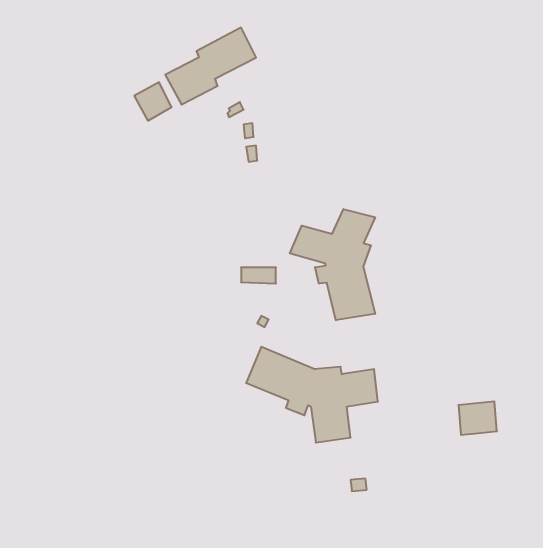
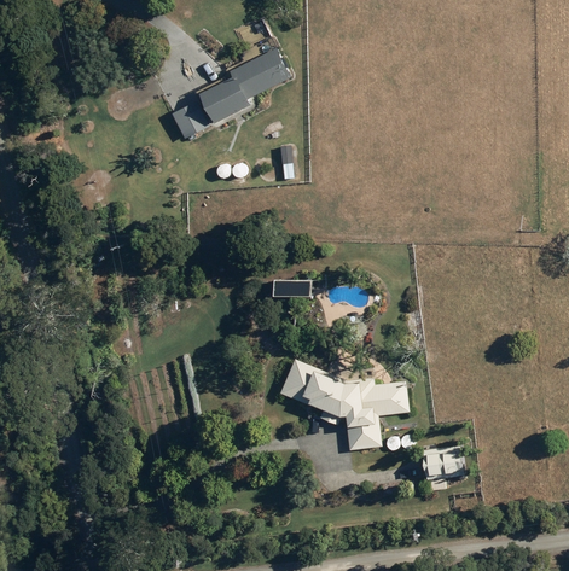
building: [290,209,375,320] -> none
building: [458,401,497,435] -> [424,447,461,479]

